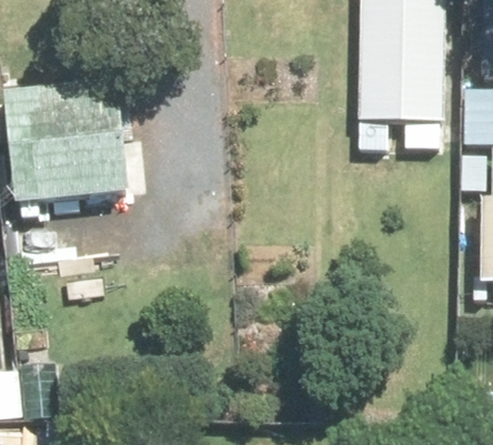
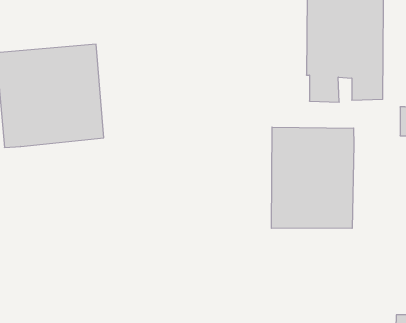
building: none -> [271,127,354,228]

